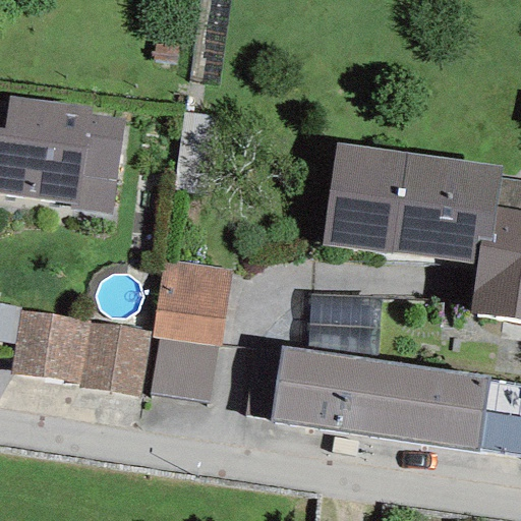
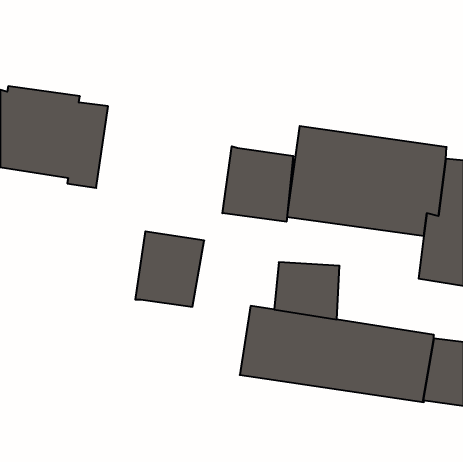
building: none -> [222,146,293,222]
building: [10,309,150,396] -> none
building: [152,336,217,402] -> none

